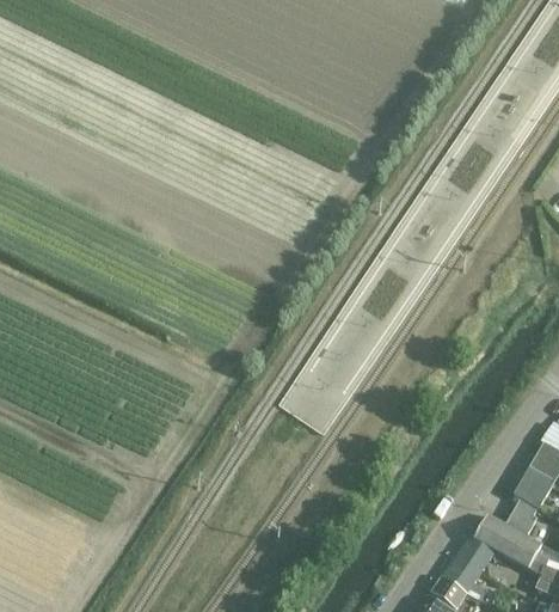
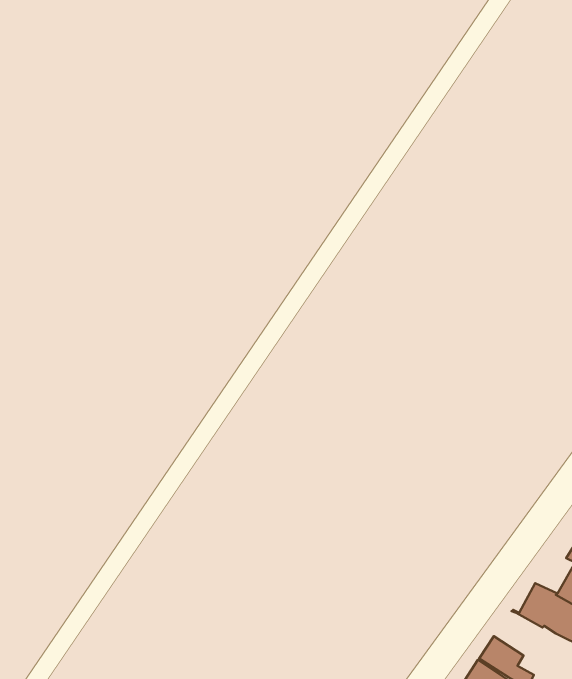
building: [455,537,494,573] -> none

